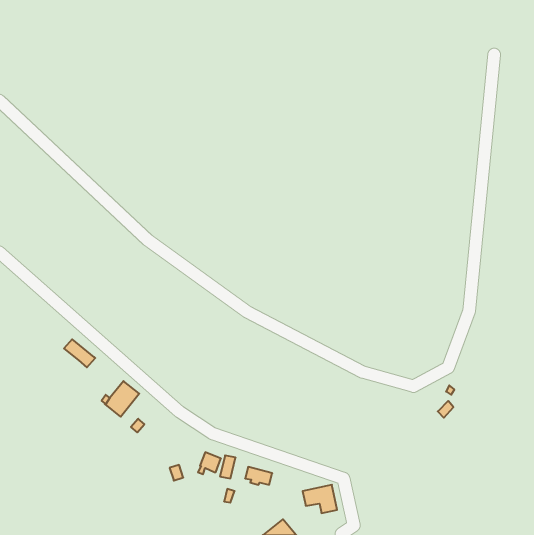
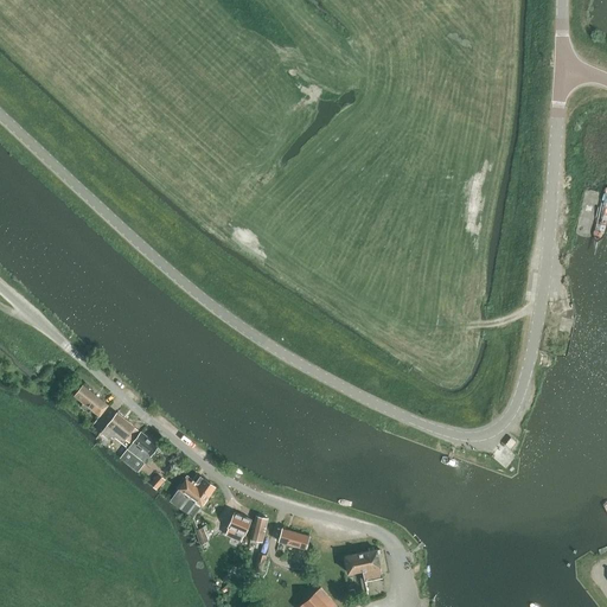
building: none -> [100,413,139,442]
building: none -> [168,477,215,518]

